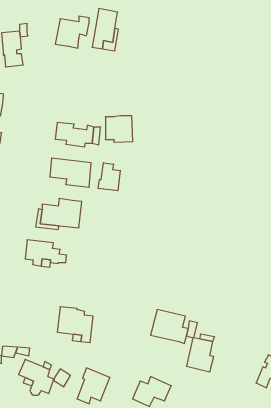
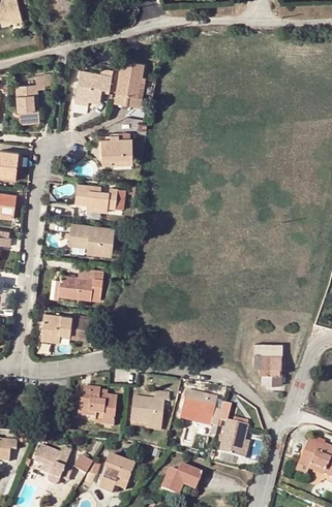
building: [105,116,133,142] -> [101,138,131,167]
building: [98,163,120,191] -> none
building: none -> [253,344,281,385]
building: none -> [129,392,169,426]

